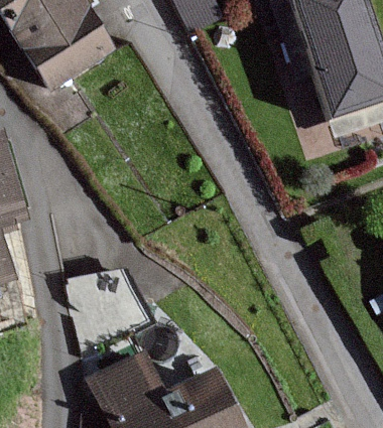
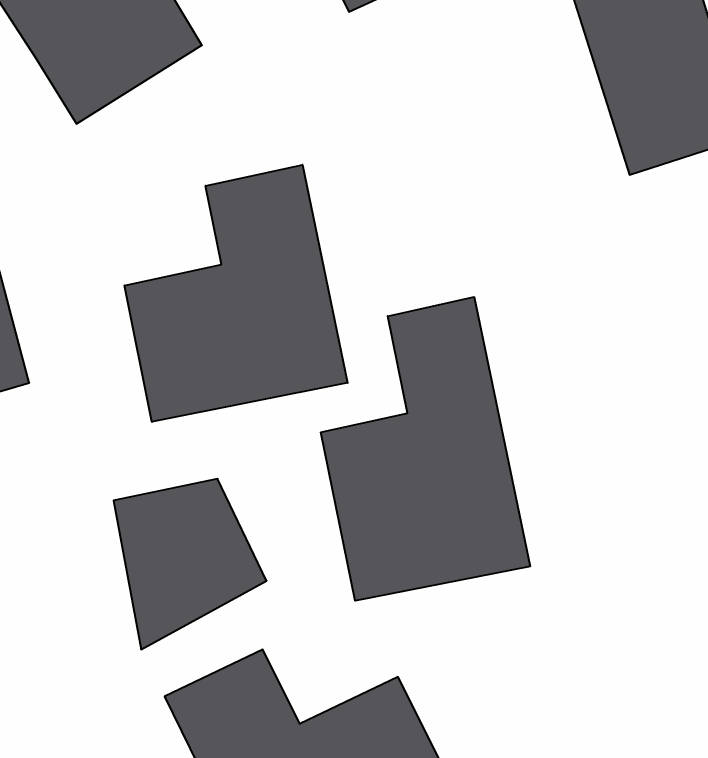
building: none -> [125,165,348,422]
building: none -> [321,297,530,601]

